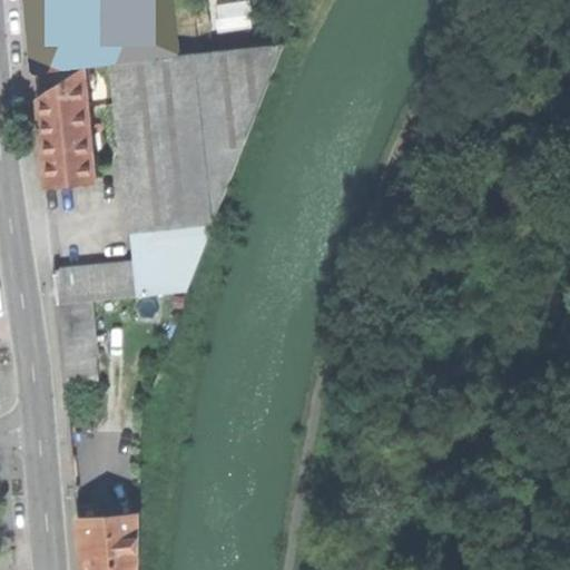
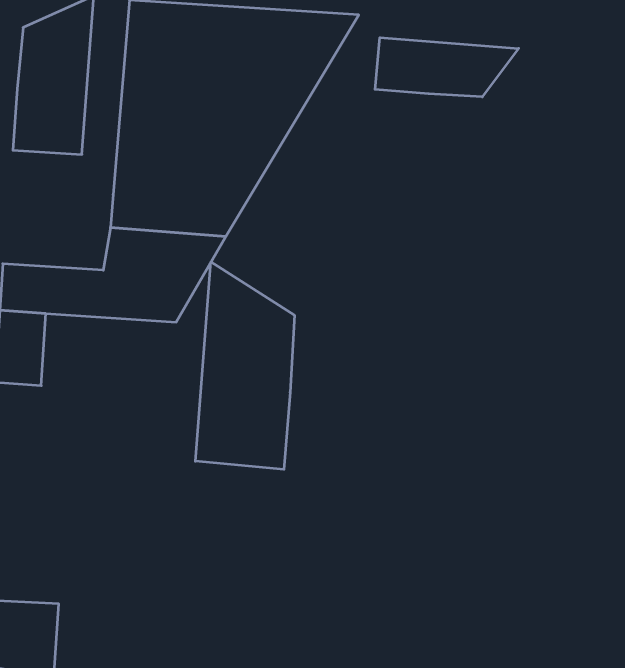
building: none -> [375,38,519,97]
building: none -> [195,262,294,469]

